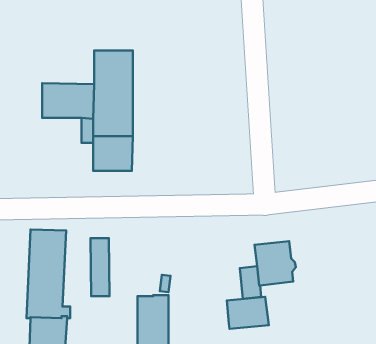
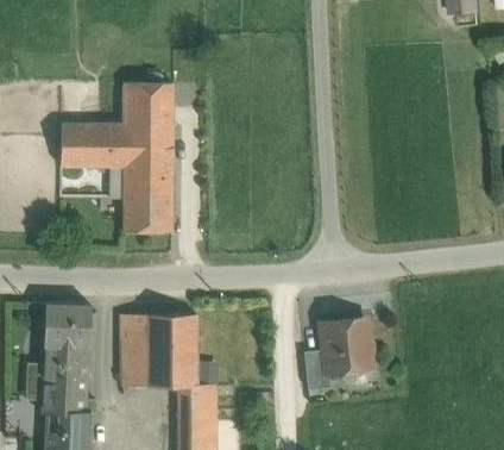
building: none -> [143,315,197,387]
building: [227,297,269,329] -> none

